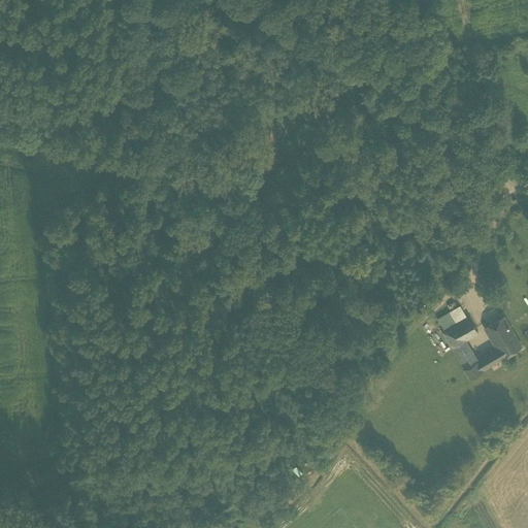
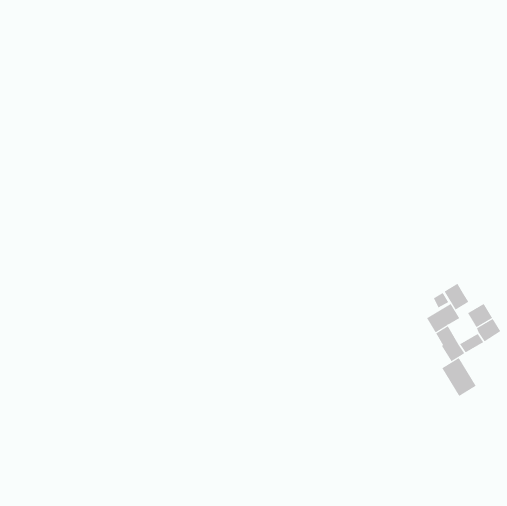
building: none -> [444,283,469,311]
building: none -> [441,357,476,397]

